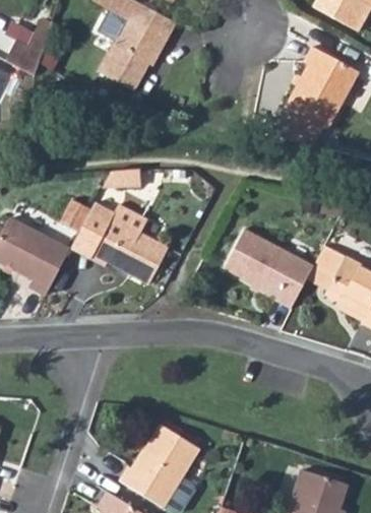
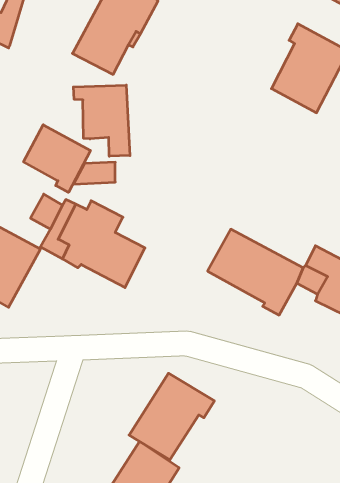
building: none -> [73,85,130,156]
building: none -> [24,125,90,192]
building: none -> [129,373,214,460]

